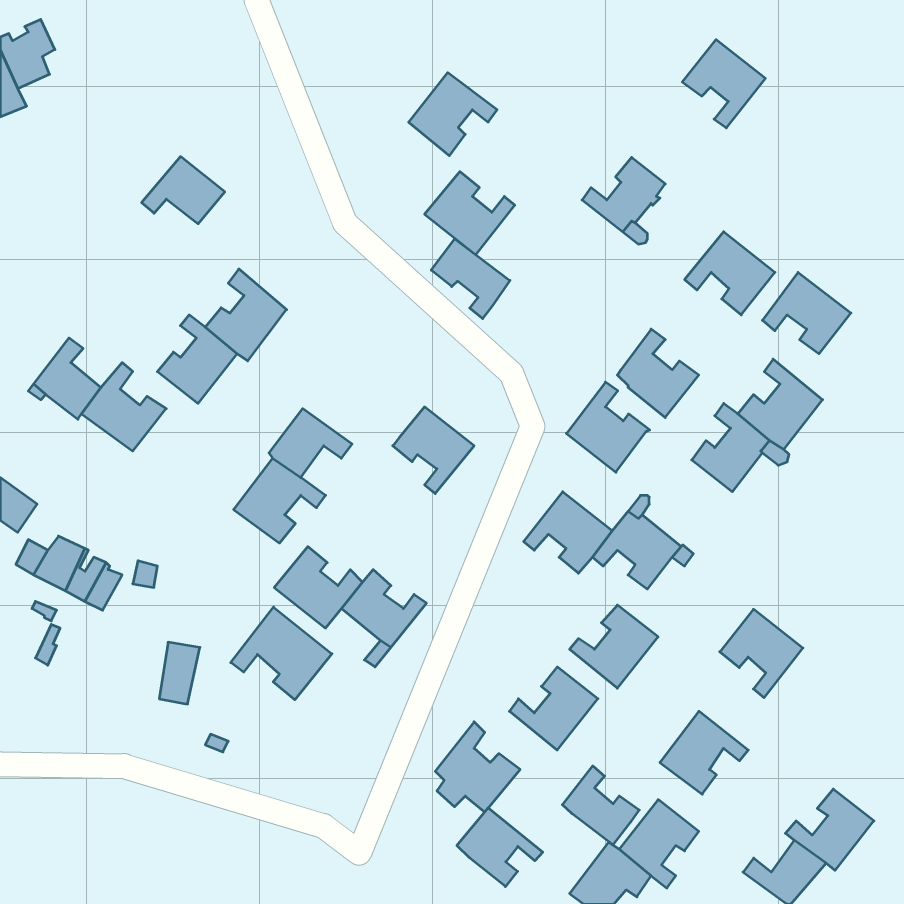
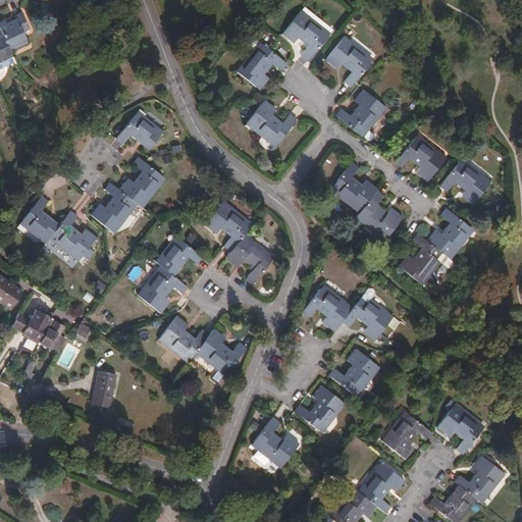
building: none -> [281,10,330,62]
building: [682,40,765,128] -> [325,36,373,87]
building: [142,157,225,224] -> [115,111,163,150]
building: [431,239,510,319] -> none
building: none -> [205,200,253,252]
building: [566,382,650,472] -> [329,161,377,213]
building: [231,607,332,700] -> none
building: [720,609,803,698] -> [435,402,483,453]
building: [562,766,639,845] -> none
building: [457,808,543,887] -> none

